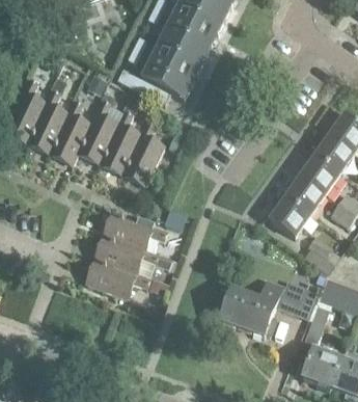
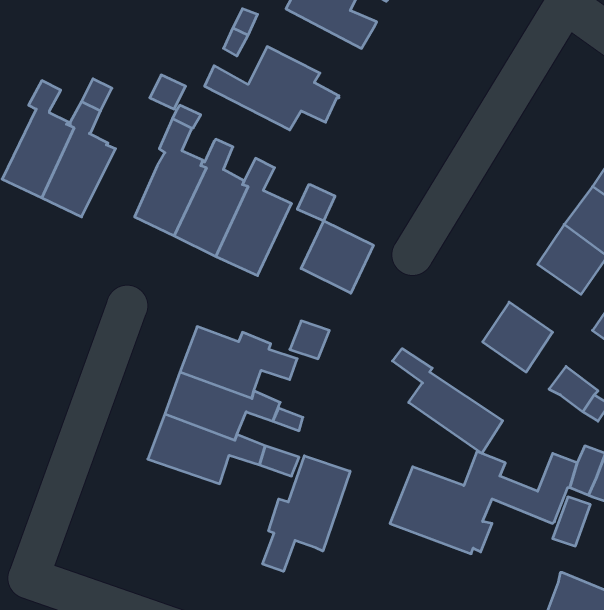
building: [150,36,202,73] -> none
building: [49,98,90,162] -> none
building: none -> [301,221,373,293]
building: [283,177,323,214] -> none
building: none -> [392,349,503,453]
building: none -> [263,456,350,571]

